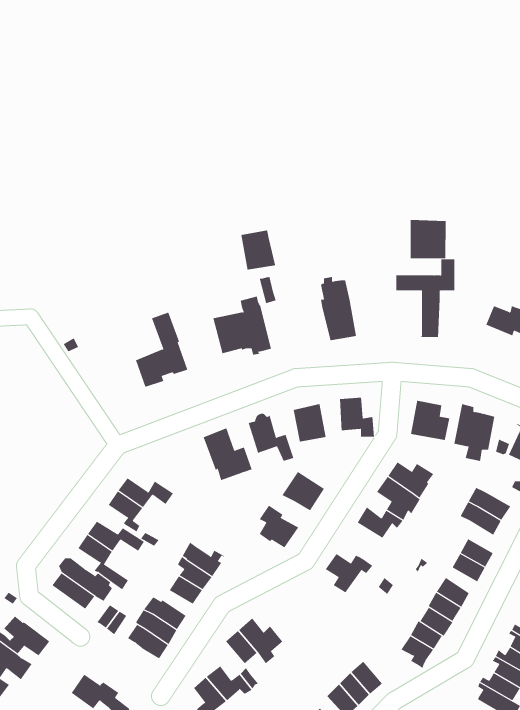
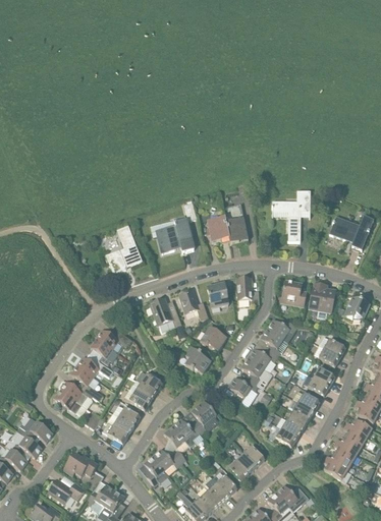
building: [410,219,446,259] -> none
building: [241,230,278,272] -> [207,216,230,242]
building: none -> [240,357,272,385]
building: none -> [190,399,216,432]

